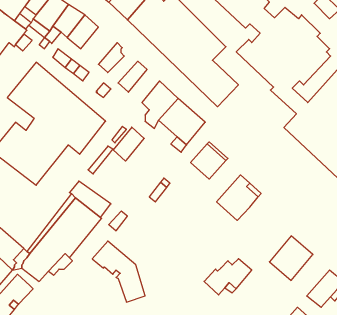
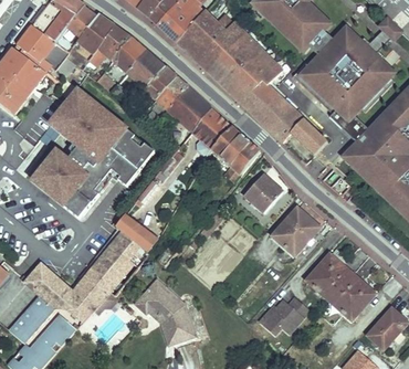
building: none -> [127,49,166,88]
building: none -> [156,76,188,108]
building: none -> [273,110,327,155]
building: [113,127,144,161] -> [178,94,211,130]
building: none -> [306,253,352,299]
building: none -> [134,296,176,345]

